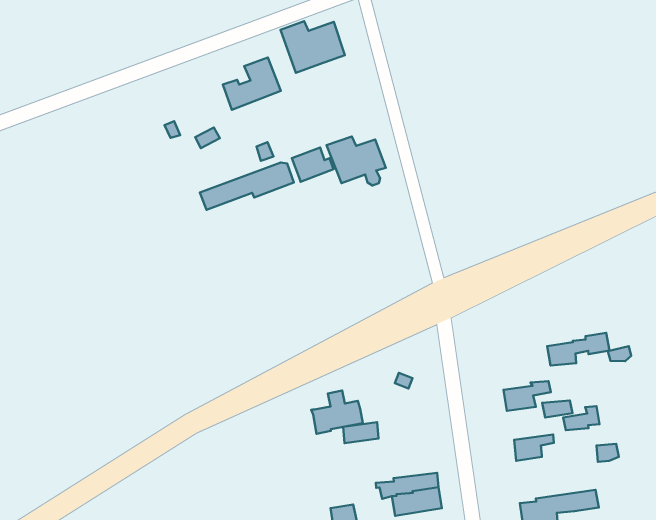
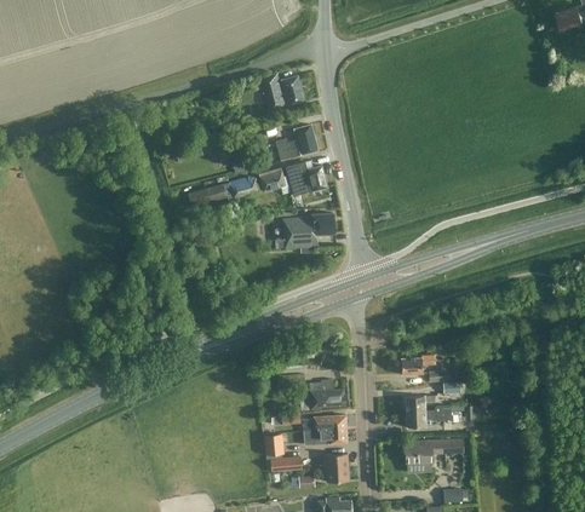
building: [223,58,281,110] -> [275,123,317,160]
building: none -> [277,213,334,248]
building: [547,333,610,366] -> [405,405,451,426]
building: [311,391,363,434] -> [308,379,345,409]

